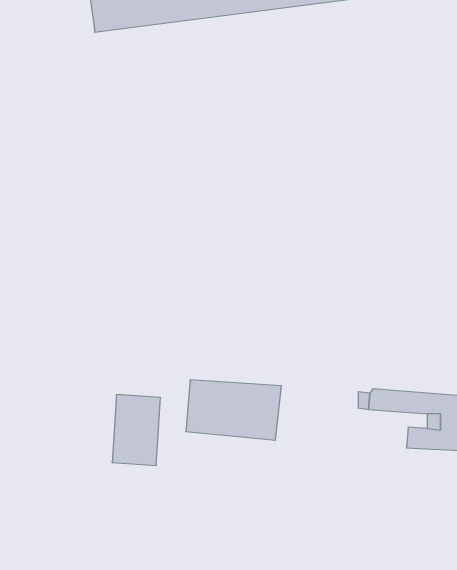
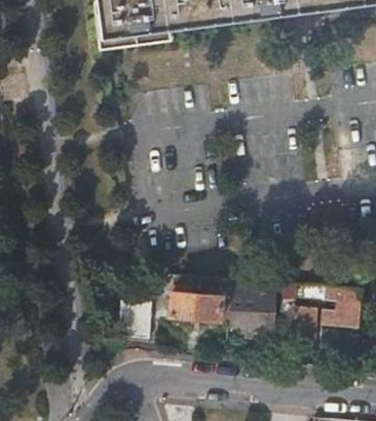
building: none -> [228,285,280,337]
building: none -> [291,305,319,349]

